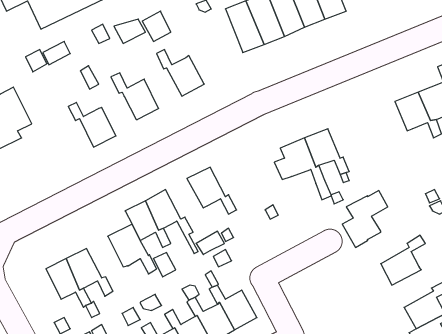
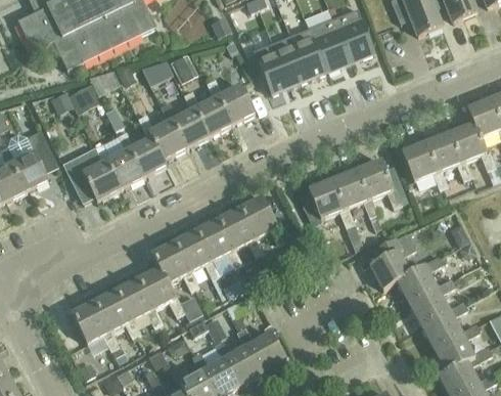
building: none -> [206,78,255,125]
building: none -> [161,101,209,149]
building: none -> [118,131,166,177]
building: none -> [401,142,447,188]
building: none -> [62,147,120,201]
building: none -> [356,160,406,207]
building: none -> [237,196,285,245]
building: none -> [192,220,242,267]
building: none -> [396,255,442,306]
building: none -> [112,278,162,327]
building: none -> [420,301,466,350]

